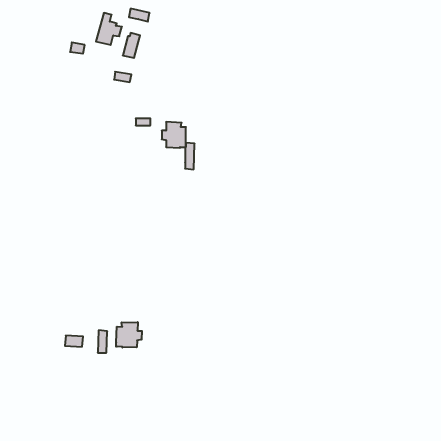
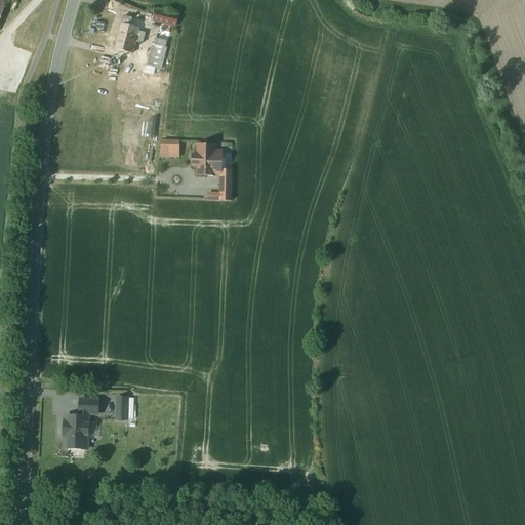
building: [116,322,142,348] -> none
building: none -> [64,416,87,448]

